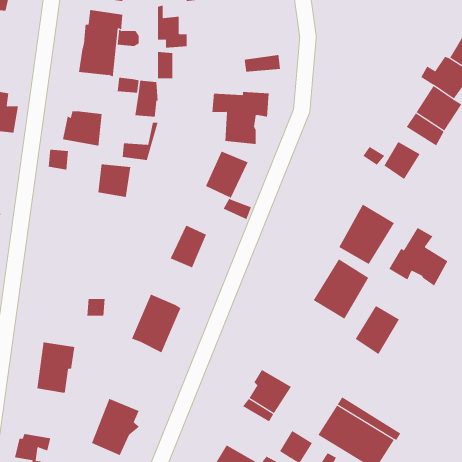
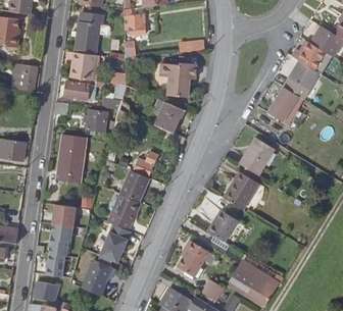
building: none -> [72,52,94,79]
building: none -> [55,134,87,182]
building: [388,227,448,287] -> none
building: none -> [118,168,147,200]
building: [355,305,400,355] -> [208,209,237,241]
building: none -> [52,203,76,226]
building: none -> [100,223,131,263]
building: none -> [45,253,65,276]

